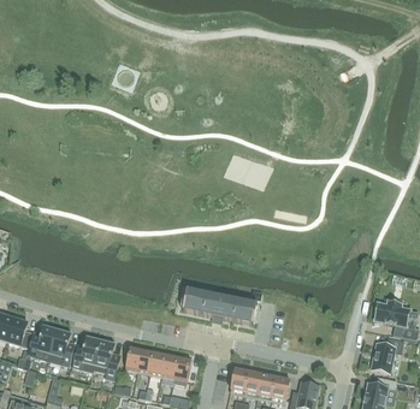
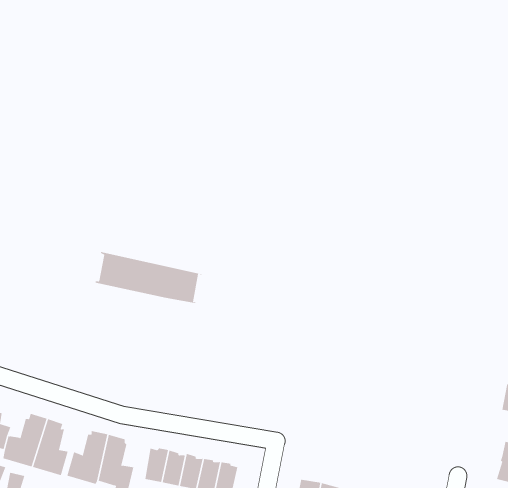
building: [182,289,256,325] -> [95,252,202,303]

